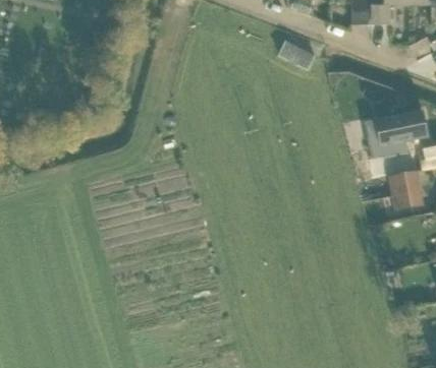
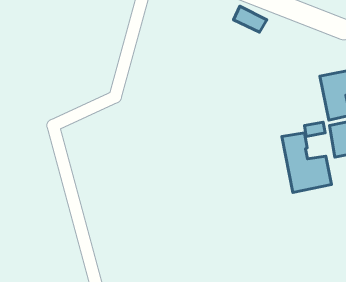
building: none -> [282,133,332,192]

